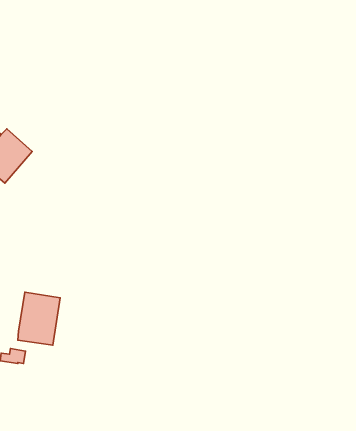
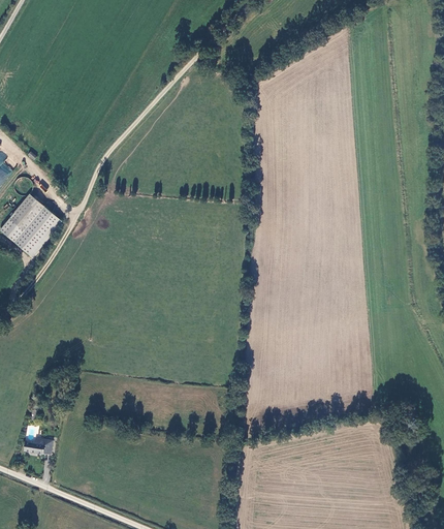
building: [18,292,60,345] -> none

